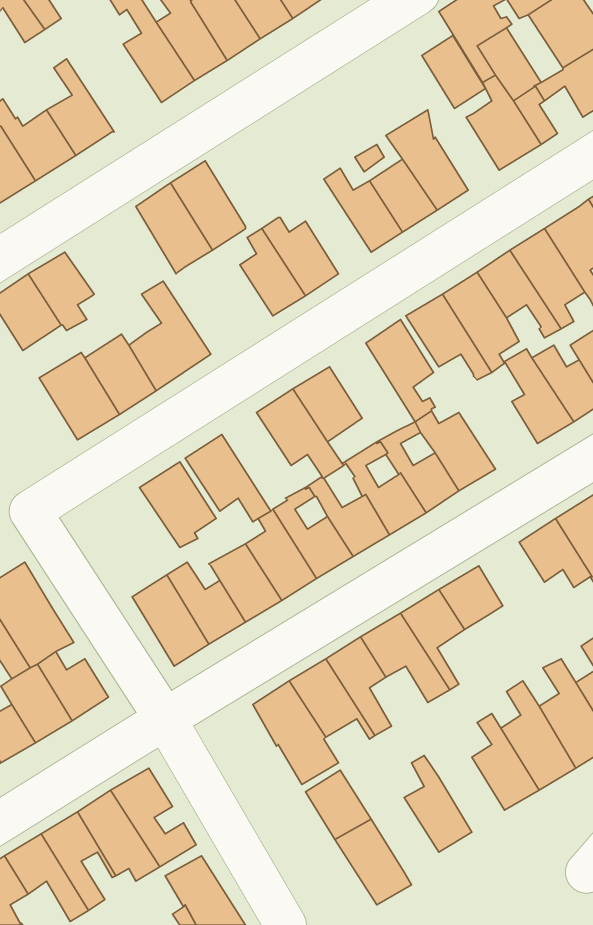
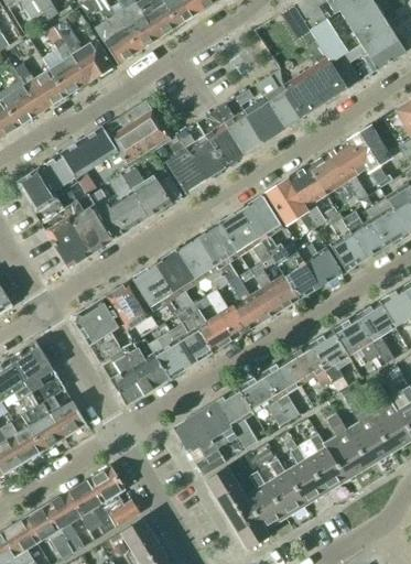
building: none -> [54,19,115,82]
building: [422,35,486,108] -> [284,73,323,117]
building: none -> [206,110,246,167]
building: none -> [61,127,118,194]
building: none -> [120,163,182,216]
building: none -> [220,209,272,262]
building: none -> [299,243,343,285]
building: none -> [155,251,197,311]
building: none -> [75,296,134,362]
building: none -> [311,329,351,381]
building: none -> [286,445,326,505]
building: none -> [246,470,286,529]

